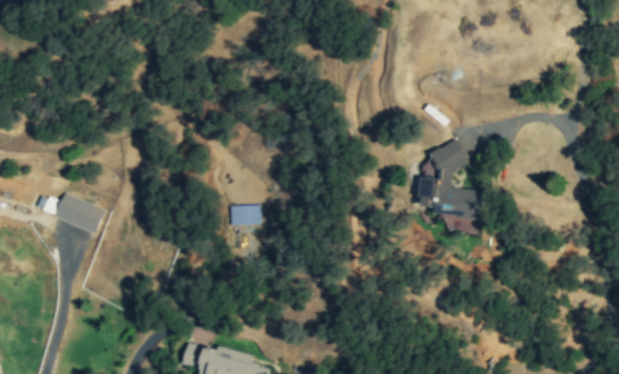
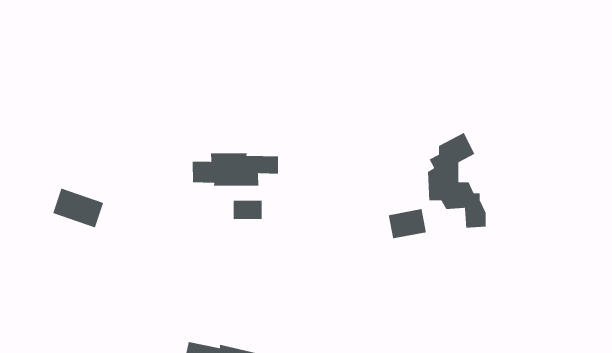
building: none -> [192,152,279,186]
building: none -> [388,208,427,239]

